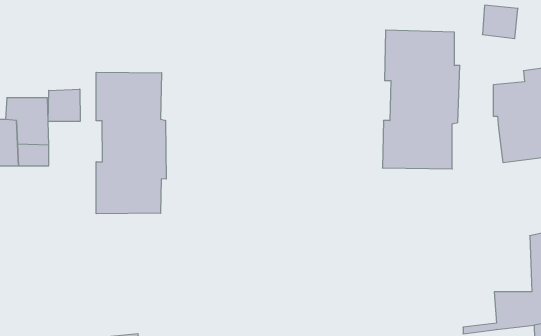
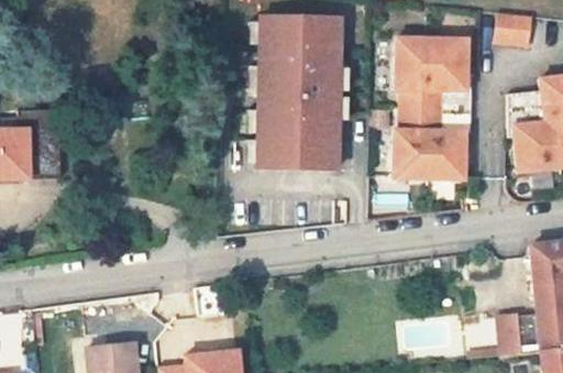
building: none -> [250,19,338,175]
building: [96,72,166,214] -> none
building: [48,89,80,121] -> none

